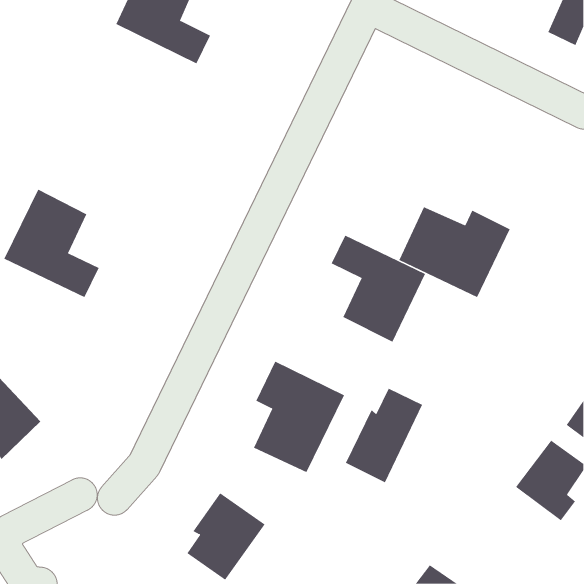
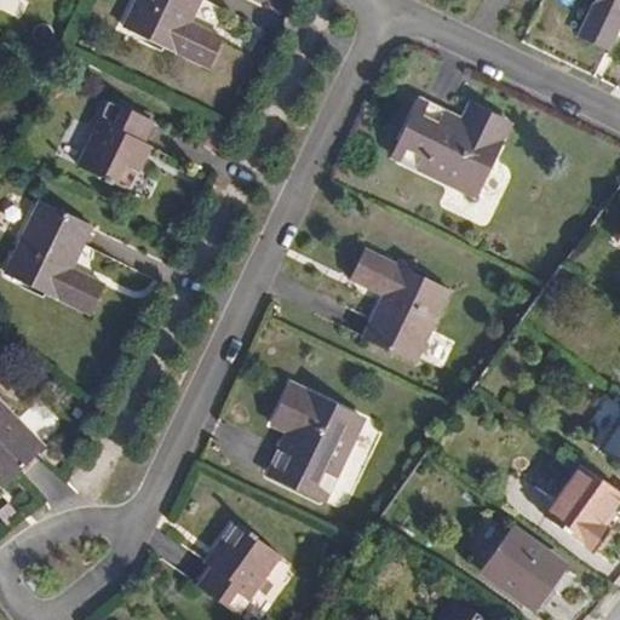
building: none -> [78,101,153,190]
building: [398,206,511,298] -> [392,99,511,196]
building: [345,388,423,483] -> none
building: none -> [483,529,566,608]

